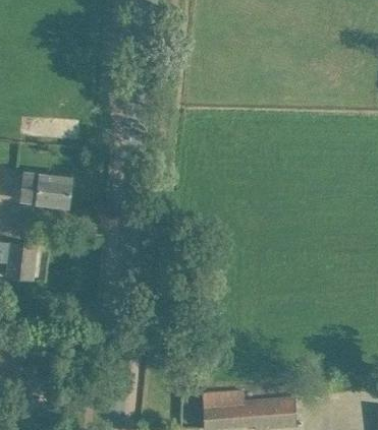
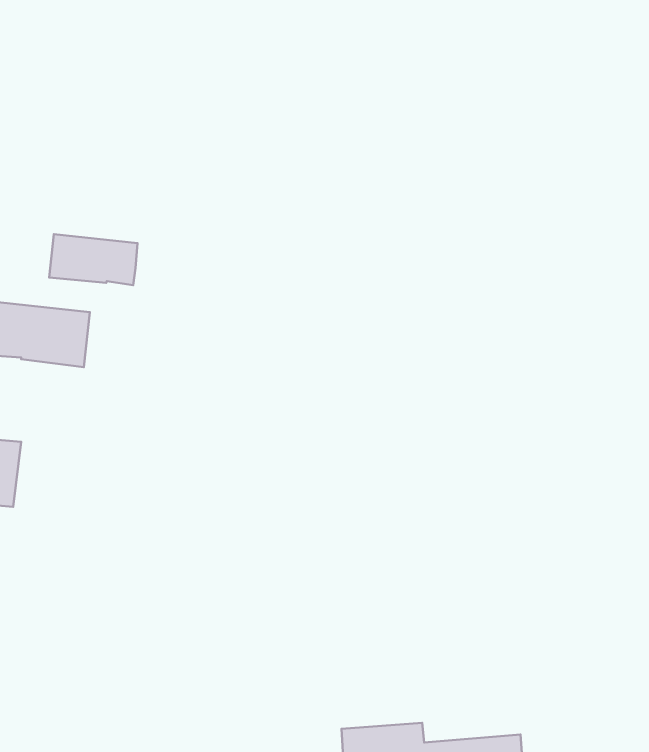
building: none -> [49,234,138,285]

